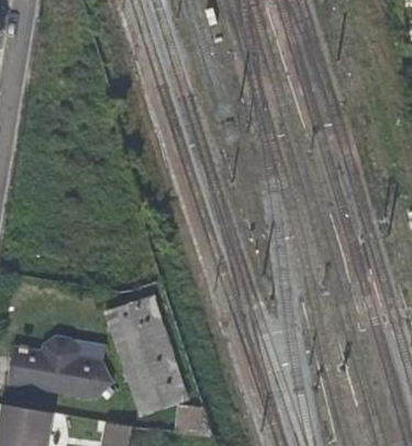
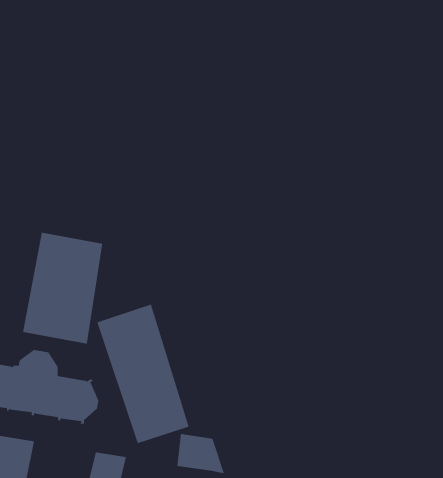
building: none -> [23,232,103,344]

